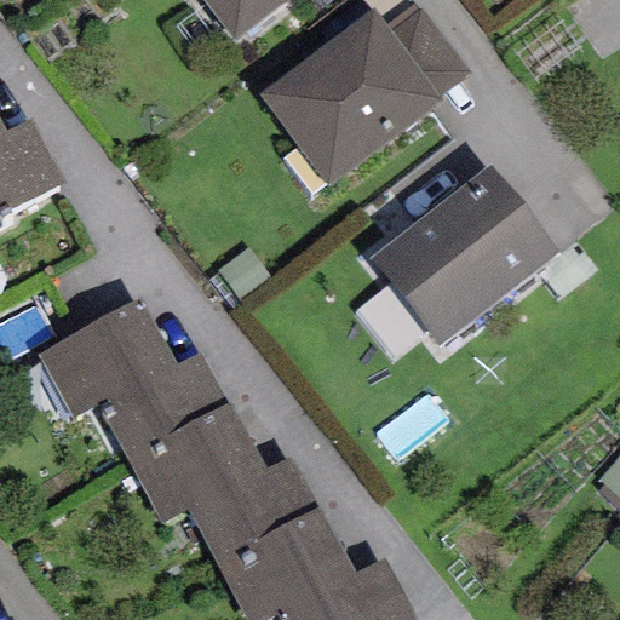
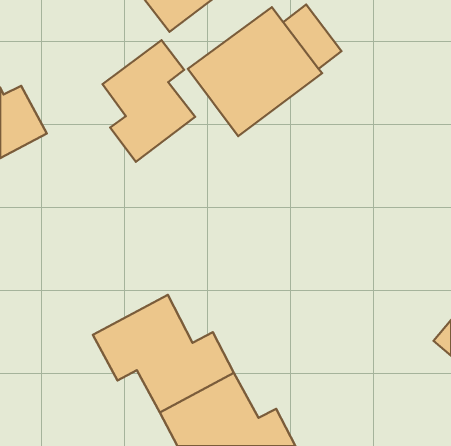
building: none -> [102,40,195,162]
building: [368,166,558,348] -> none
building: [35,298,230,459] -> none

